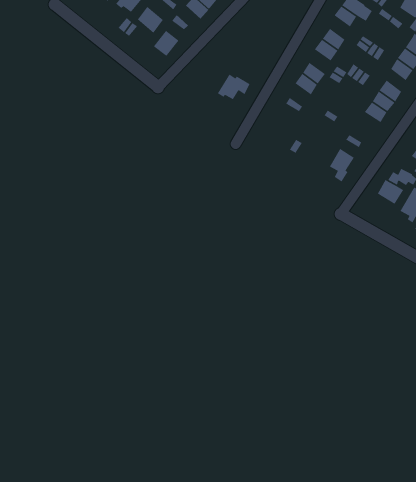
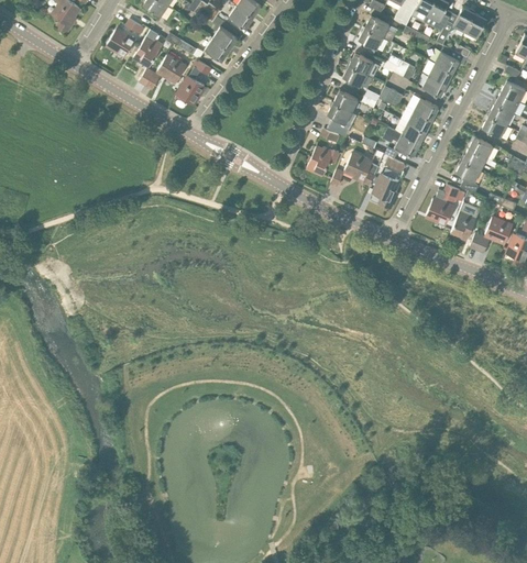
building: [217,74,251,100] -> [306,146,339,173]
building: none -> [382,128,420,159]
building: none -> [344,154,378,185]

